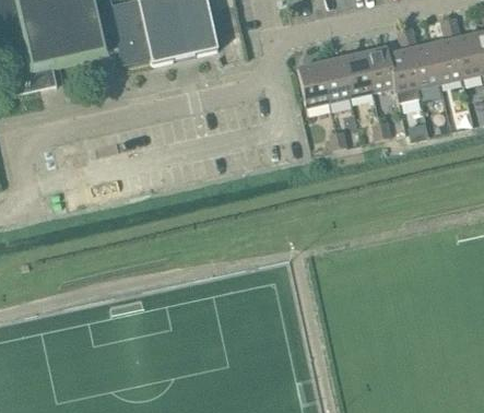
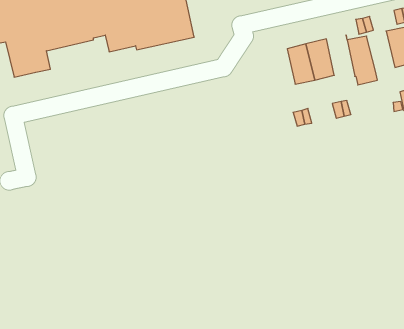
building: [410,42,441,86] -> none
building: [365,46,397,92] -> none
building: [297,61,330,106] -> none

